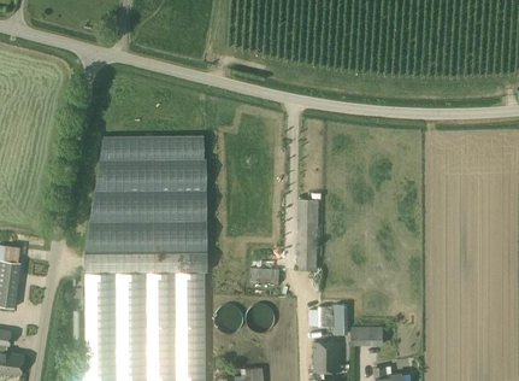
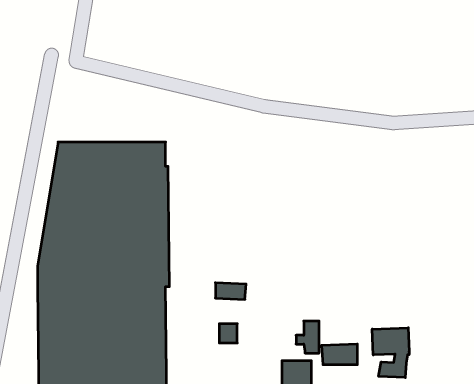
building: [296,200,319,271] -> none
building: none -> [372,328,409,378]

